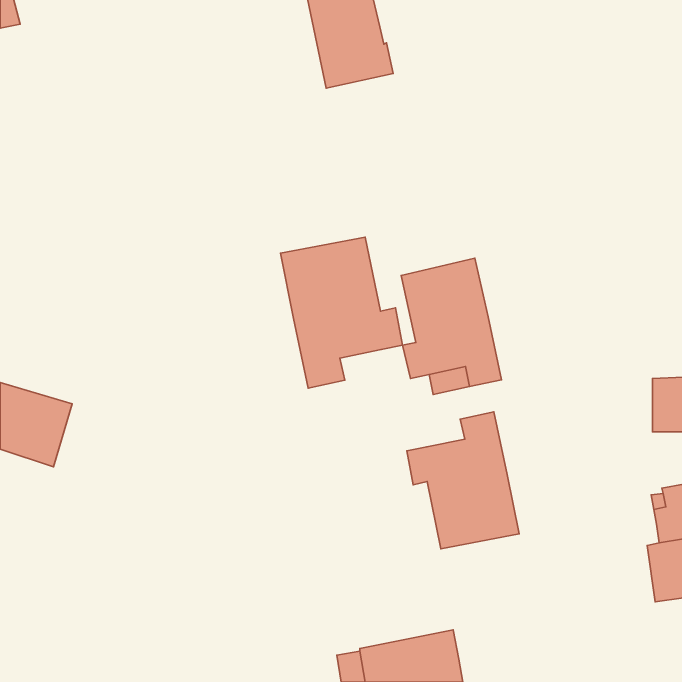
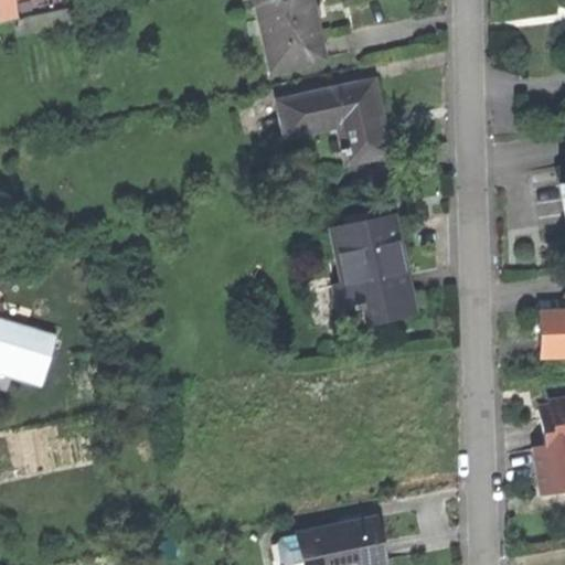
building: none -> [277,81,390,163]
building: [281,237,403,388] -> none
building: [407,412,519,549] -> none

